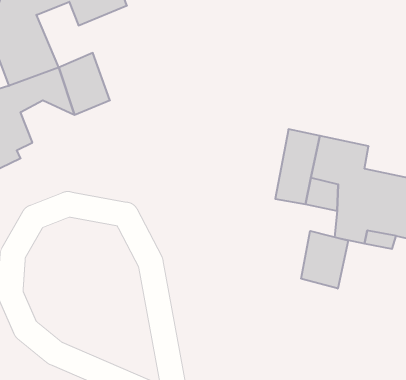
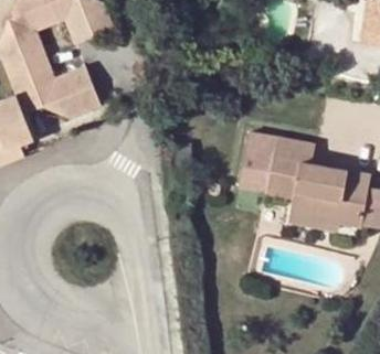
building: [301,231,348,289] -> none

